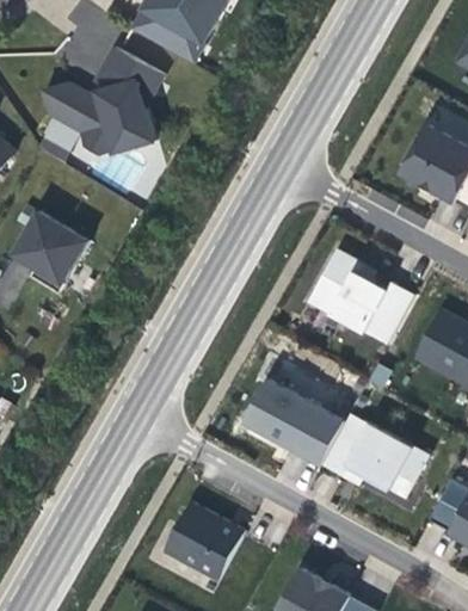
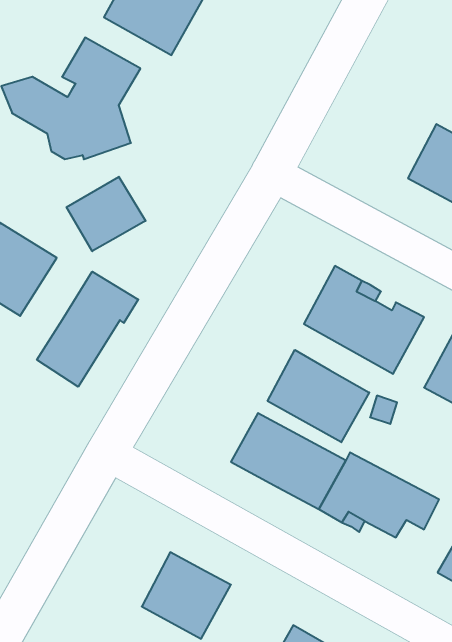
building: none -> [67,177,146,251]
building: none -> [37,272,138,387]
building: none -> [268,350,369,442]

